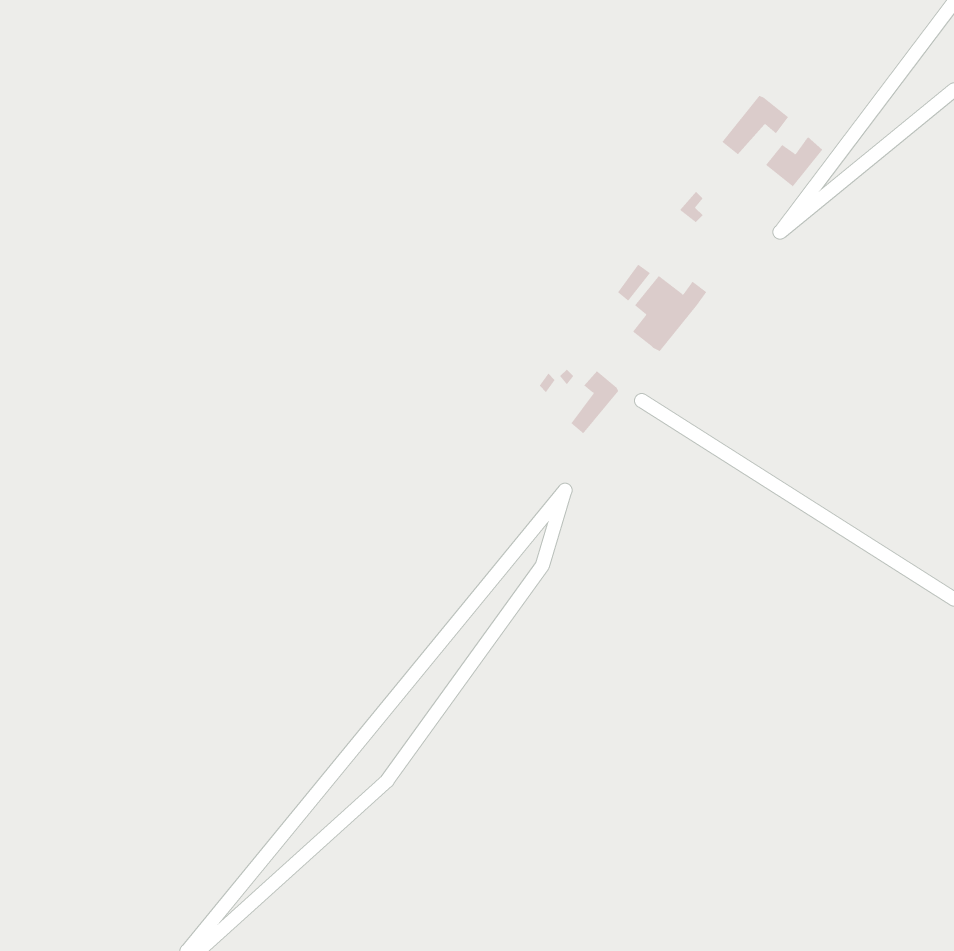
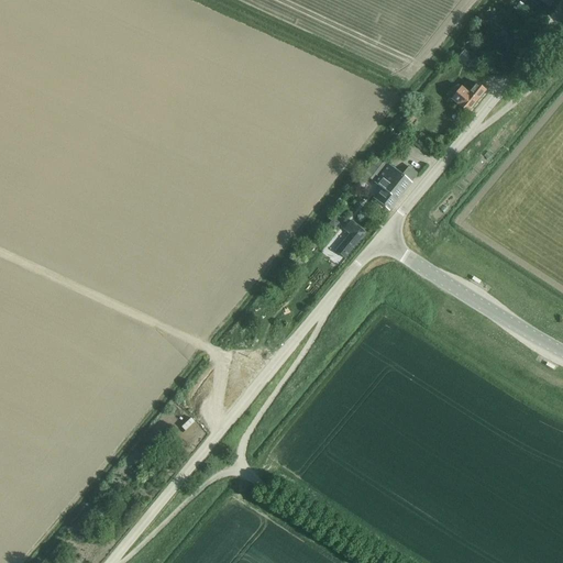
building: [721,95,789,155] -> none

